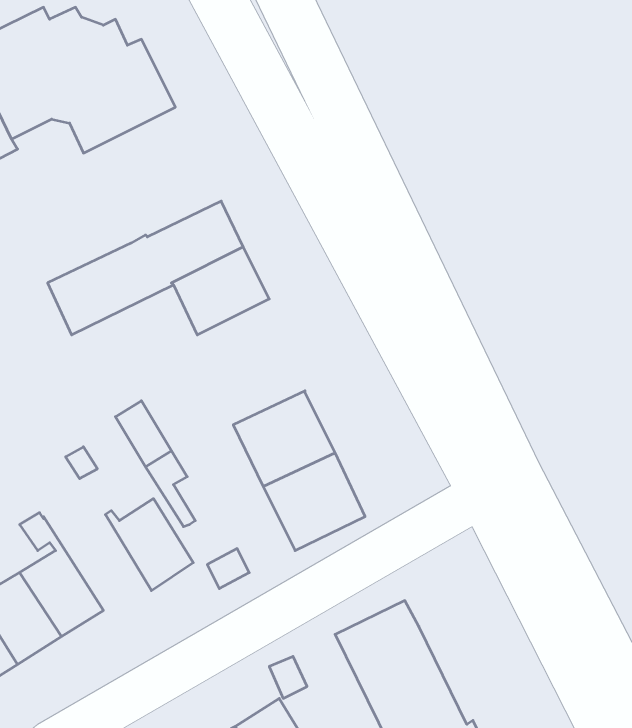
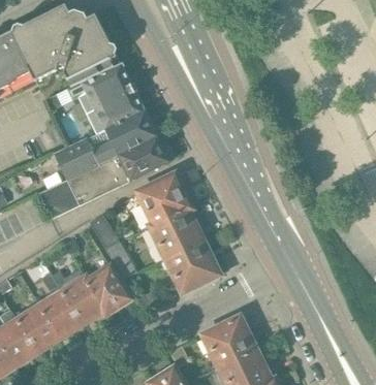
building: none -> [68,63,144,133]
building: none -> [39,155,131,220]
building: none -> [138,174,190,227]
building: none -> [52,269,107,323]

